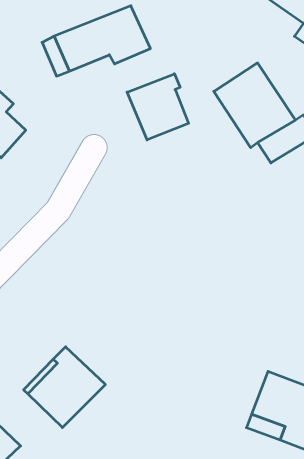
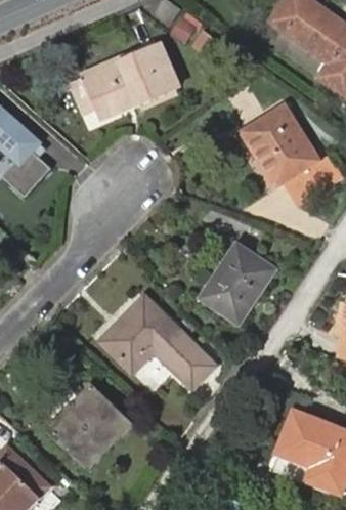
building: [127,74,189,140] -> none
building: none -> [203,245,272,320]
building: none -> [100,296,213,387]

